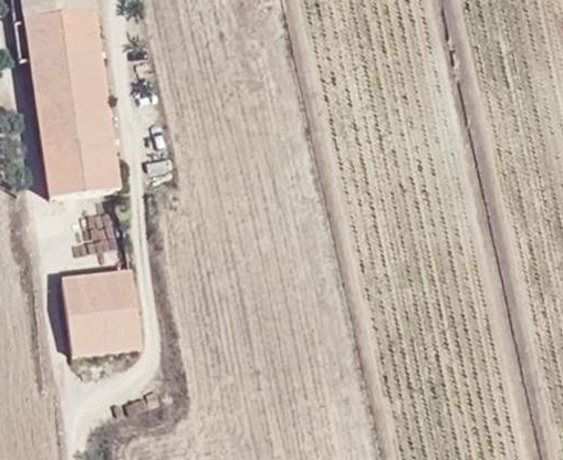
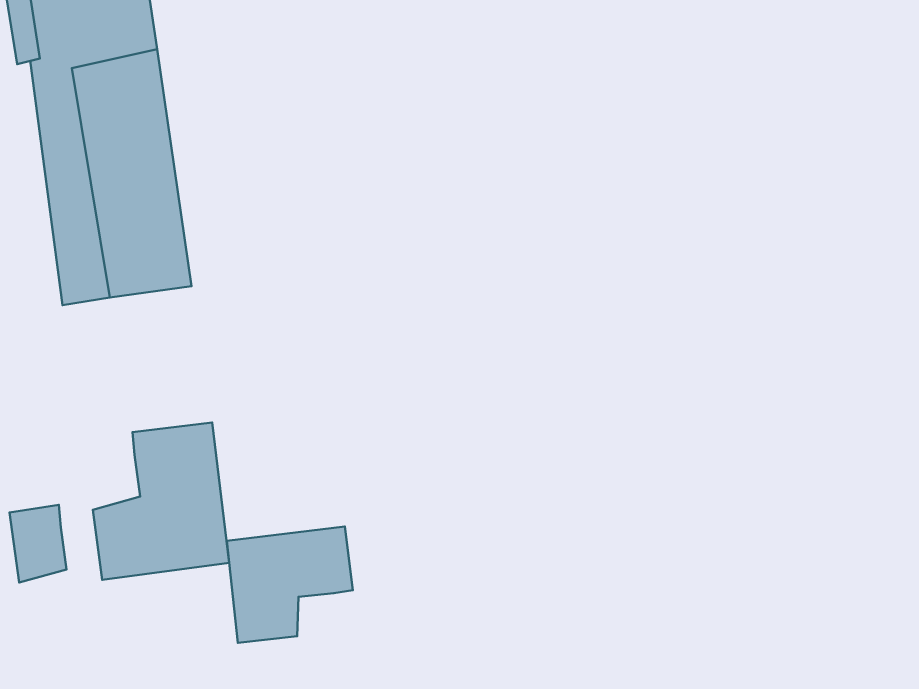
building: [60,272,93,317] -> [10,505,66,583]
building: none -> [227,526,353,643]

